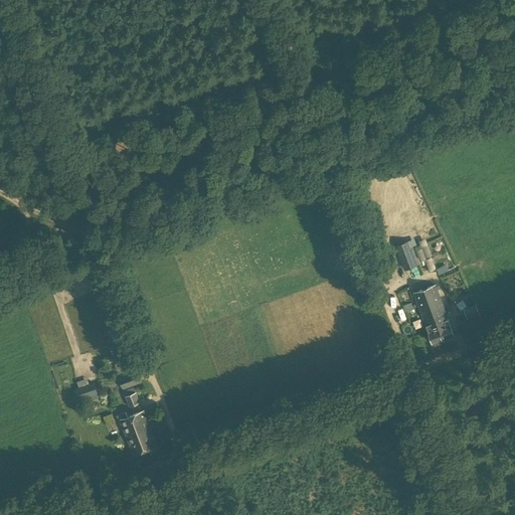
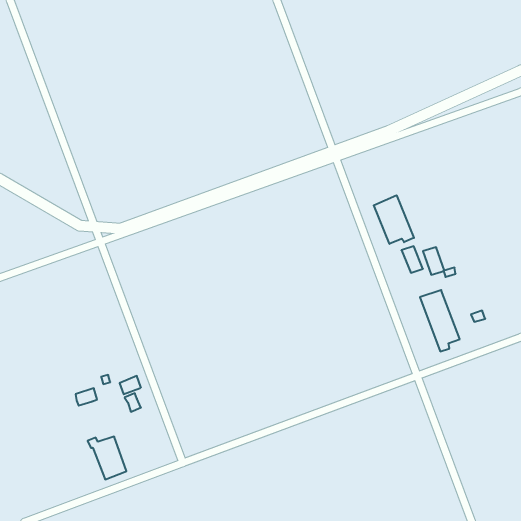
building: none -> [374,195,414,244]
building: [117,412,155,455] -> [88,437,126,479]

